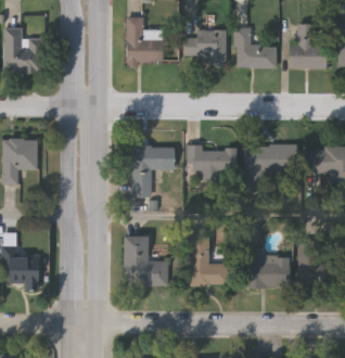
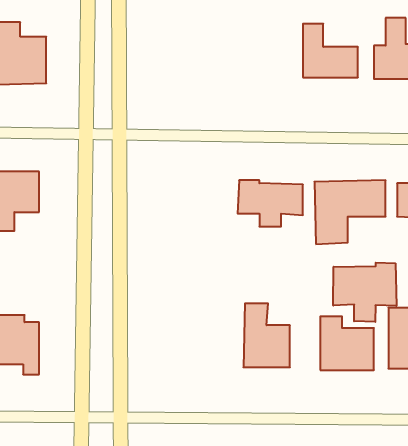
building: [126,16,163,64] -> none
building: [184,30,226,66] -> none
building: [125,145,174,197] -> none
building: none -> [333,263,396,322]
building: [125,236,168,285] -> none

